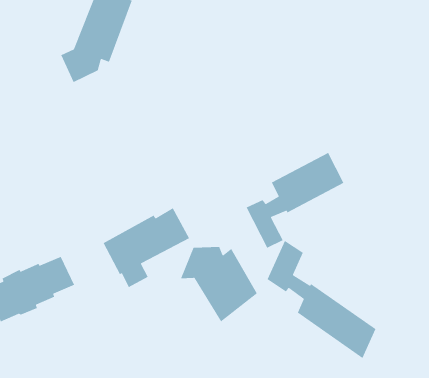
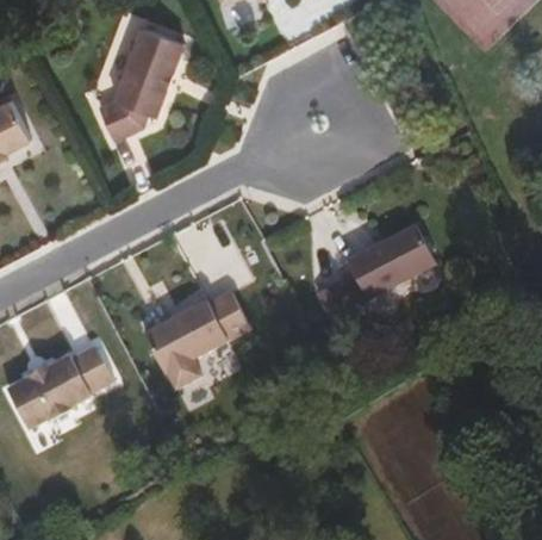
building: [267,240,376,359] -> none
building: [180,246,258,323] -> none

